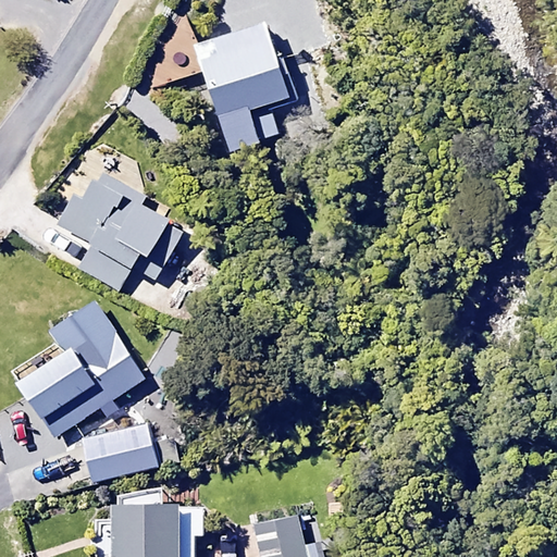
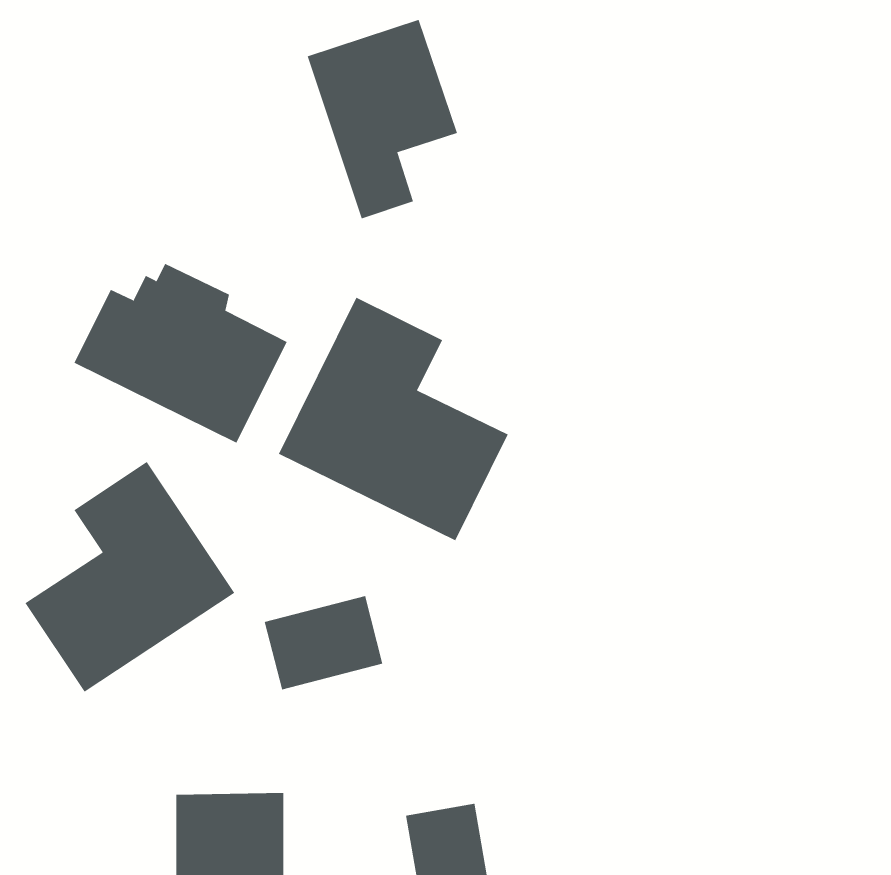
building: none -> [278,297,508,541]
building: [86,422,160,481] -> [264,596,383,690]

